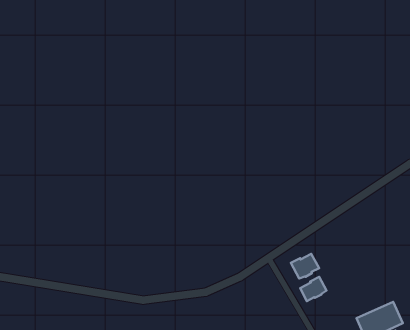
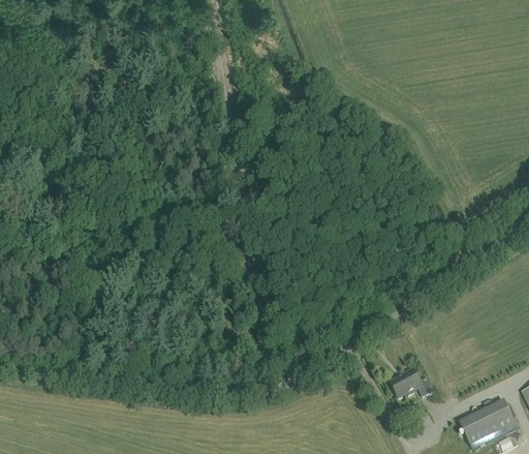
building: [291,254,319,279] -> none

